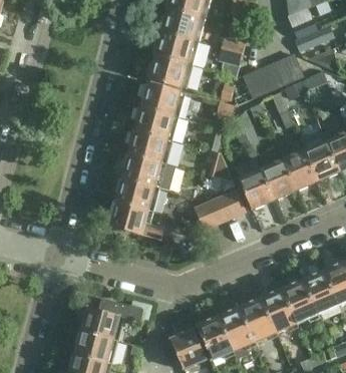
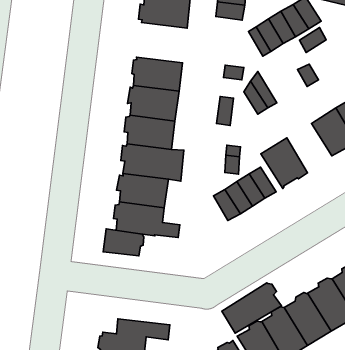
building: [147,55,193,89] -> none
building: [262,158,297,199] -> none
building: none -> [103,229,144,256]
building: none -> [222,283,281,333]

